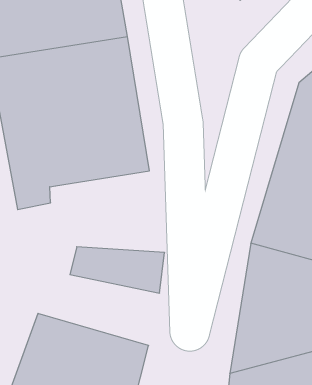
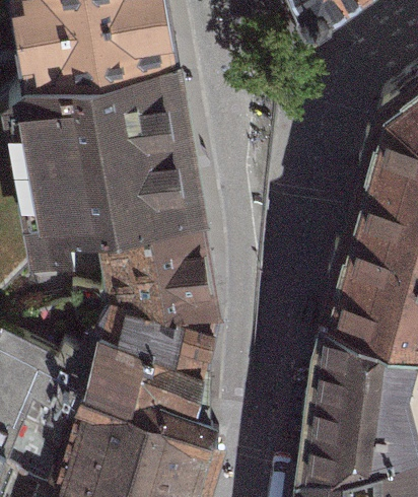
building: none -> [93,226,224,325]
building: none -> [72,349,218,436]

